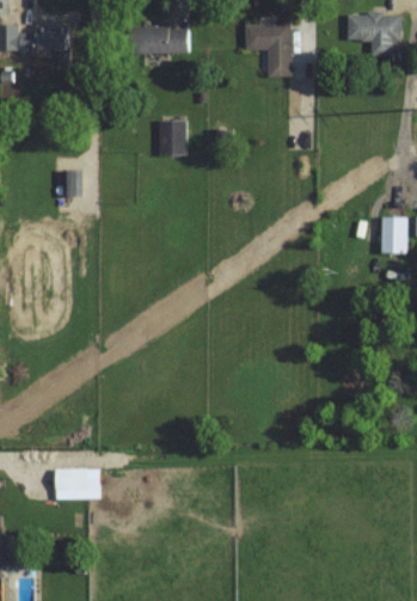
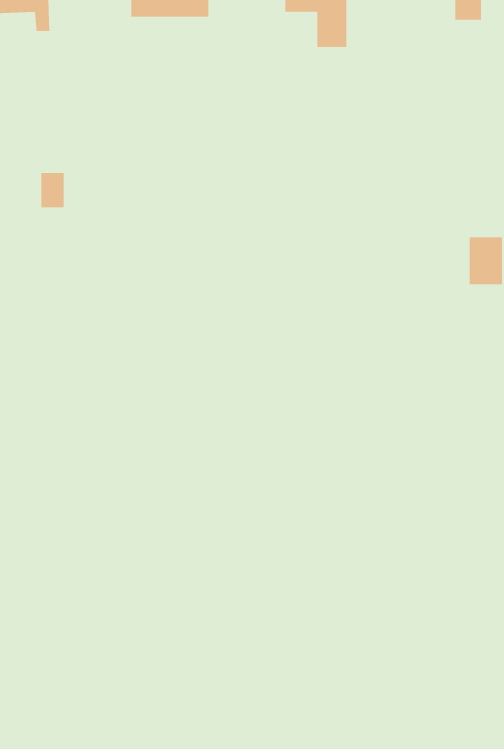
building: [160,121,186,155] -> none
building: [55,468,88,490] -> none

